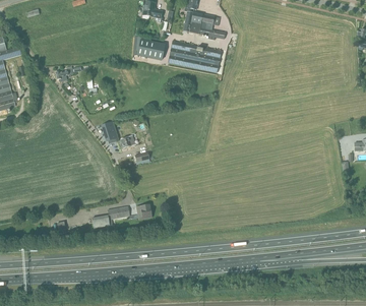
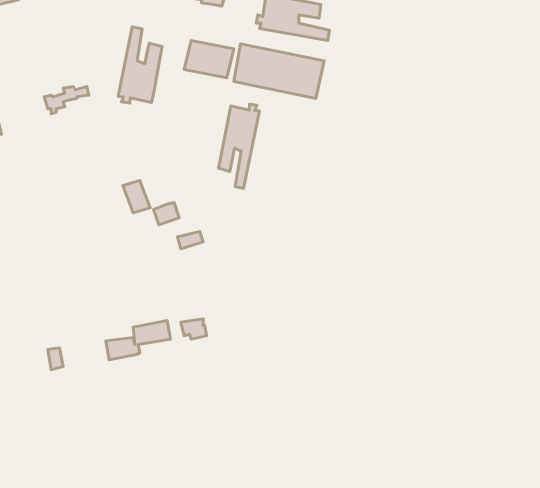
building: none -> [118,27,162,103]
building: none -> [219,104,259,188]

